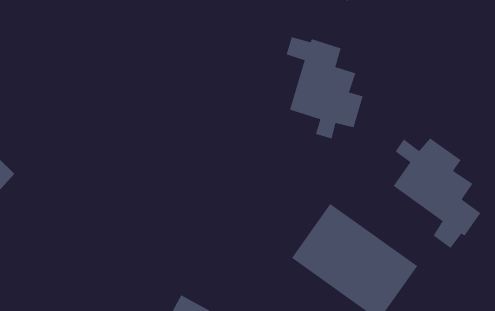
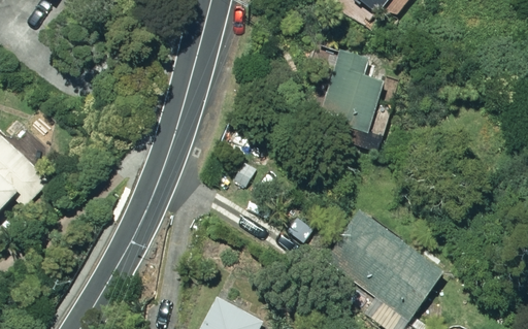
building: [393,137,481,249] -> none

